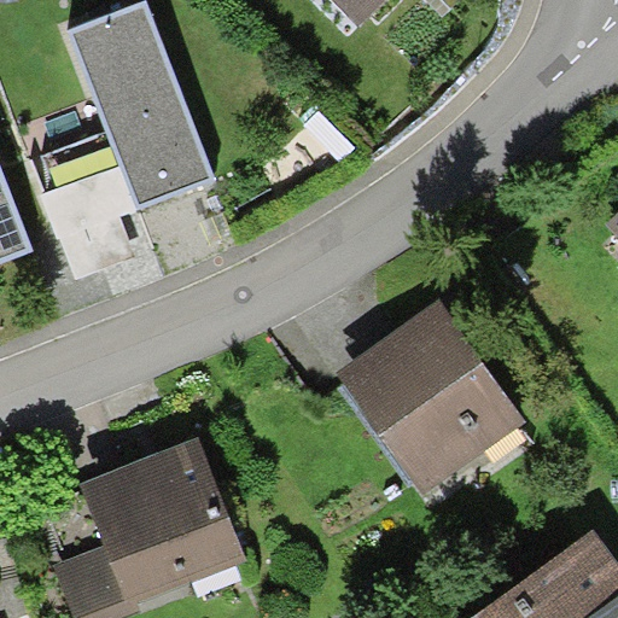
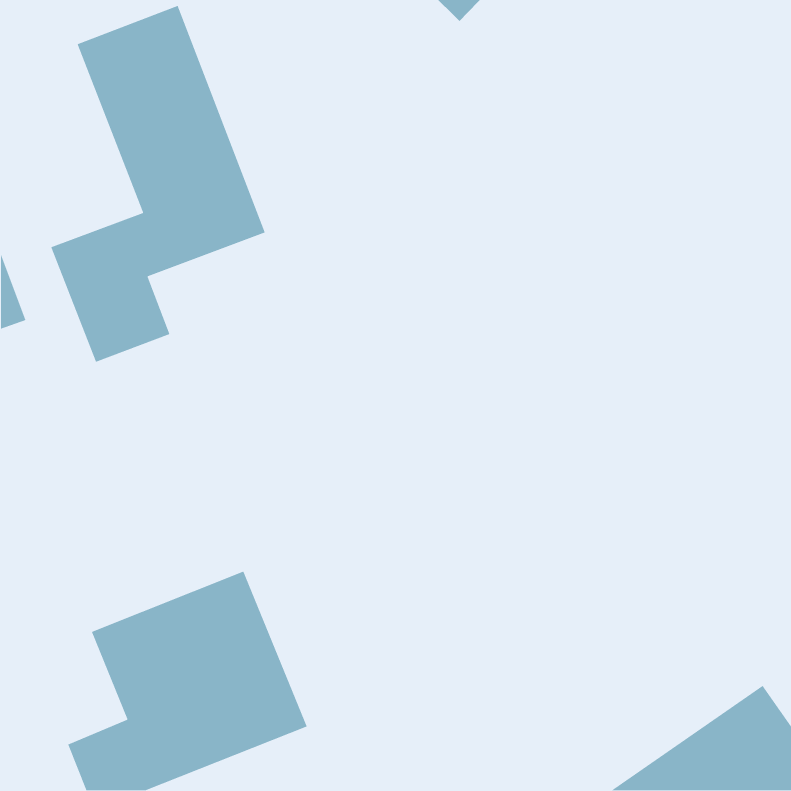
building: [339,299,526,494] -> none

